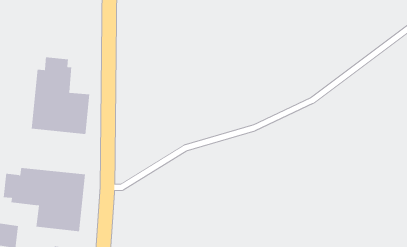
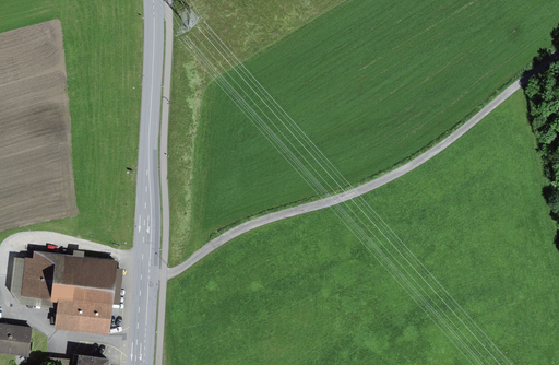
building: [31,56,90,135] -> none

